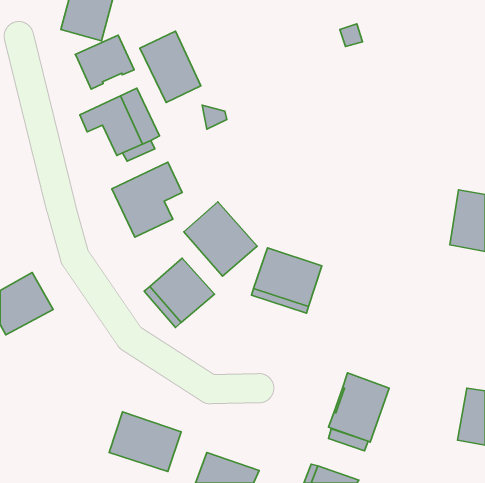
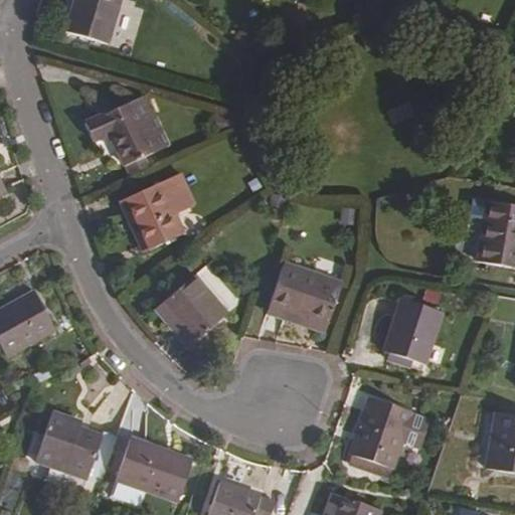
building: [140,31,201,102] -> none
building: [75,35,134,89] -> none
building: [184,202,257,276] -> none
building: none -> [382,298,442,364]
building: none -> [35,411,118,483]

